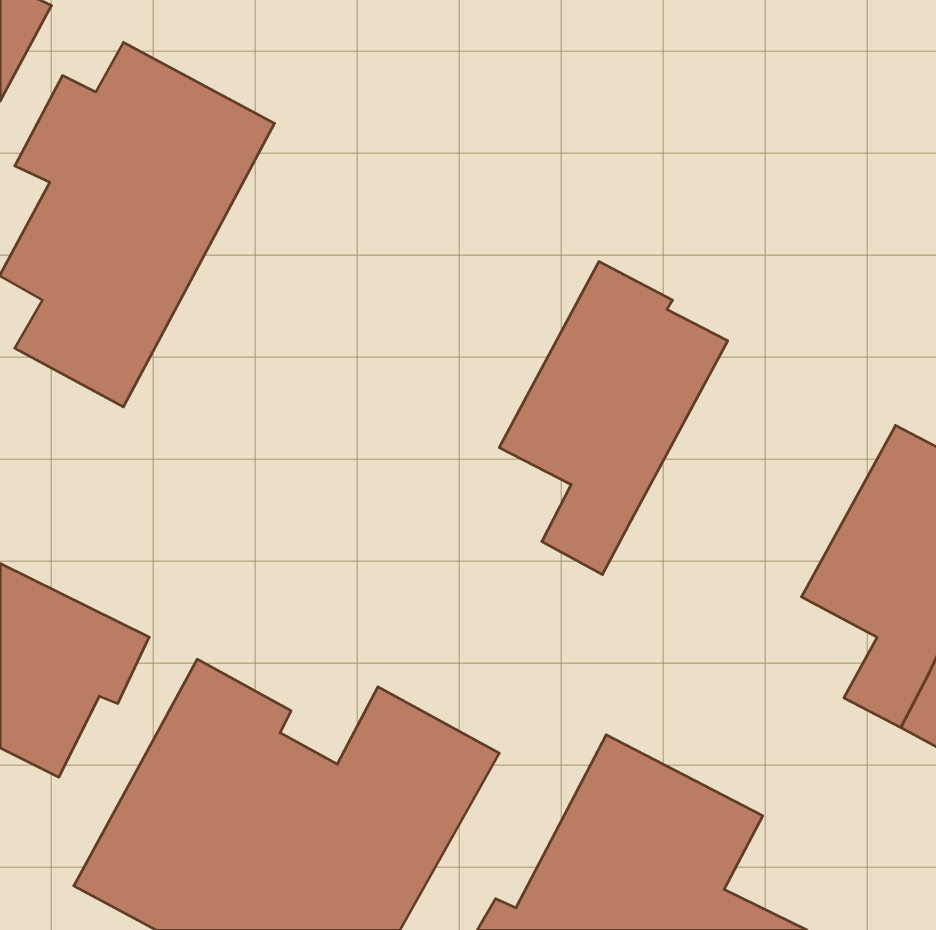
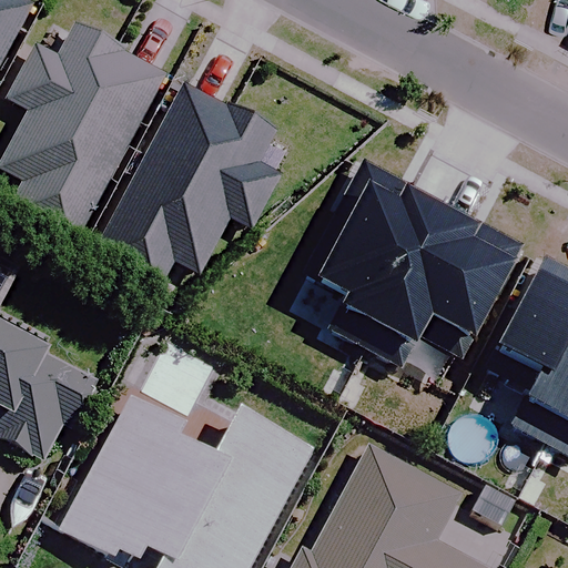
building: none -> [99,87,283,288]
building: none -> [366,205,520,365]

